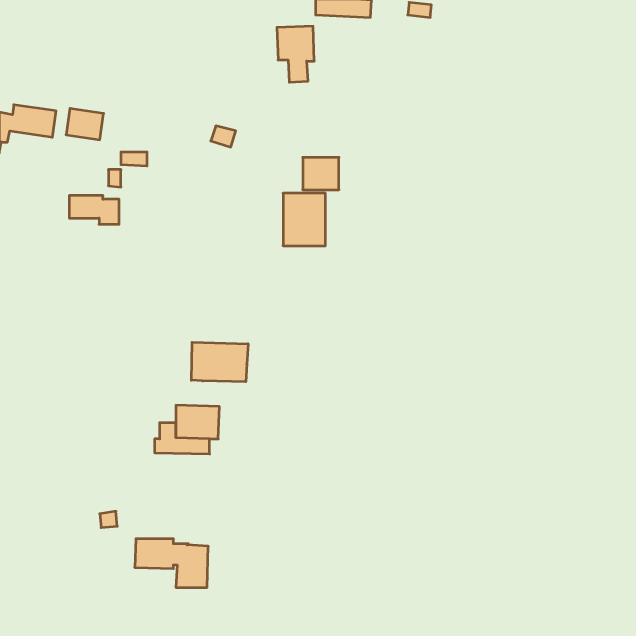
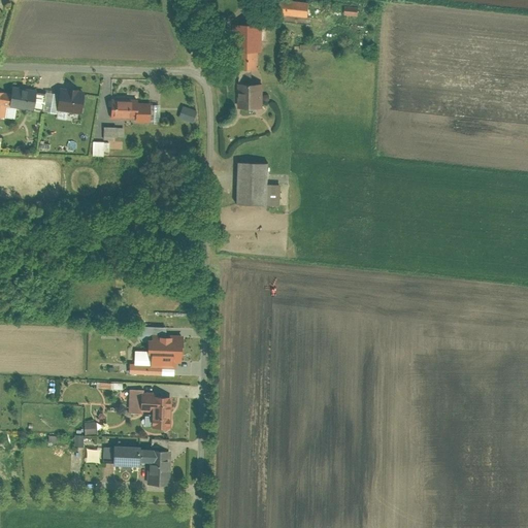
building: [303,157,339,190] -> [238,82,268,109]
building: [69,196,119,224] -> [110,100,152,124]
building: [191,342,248,382] -> none
building: none -> [126,390,177,429]

